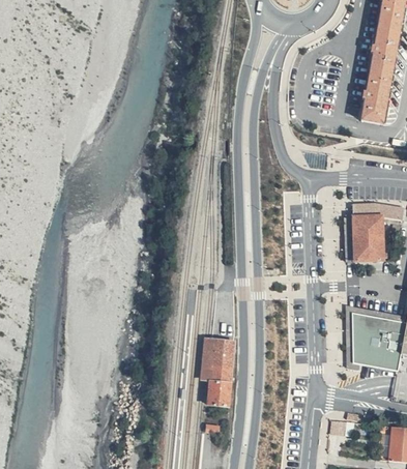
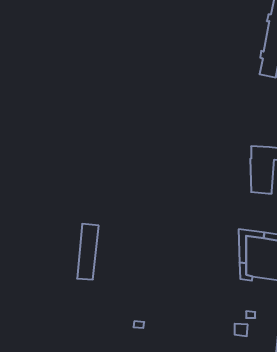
building: [206,342,233,411] -> [77,224,99,279]

